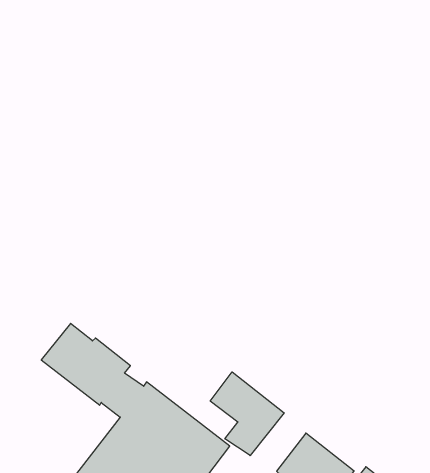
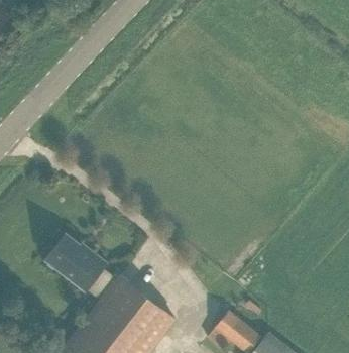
building: [210,372,284,456] -> none

